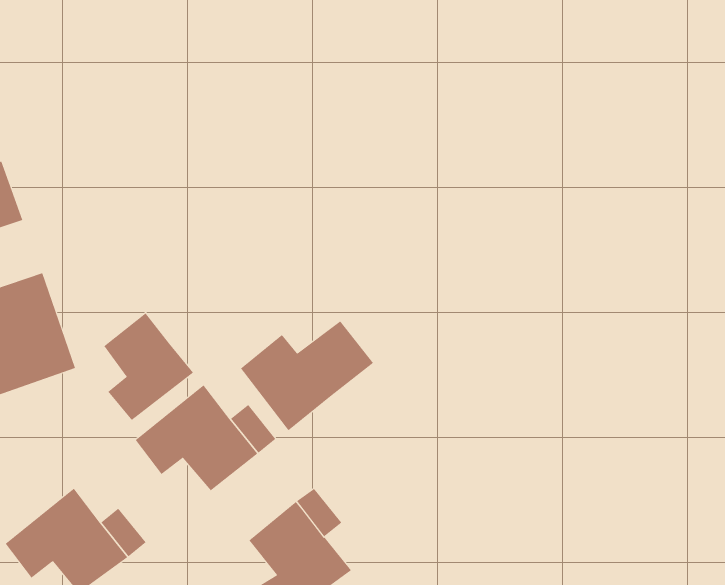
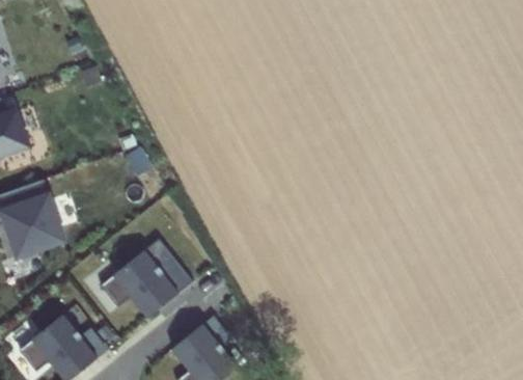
building: [103,312,194,421] -> none
building: [240,320,374,431] -> none

